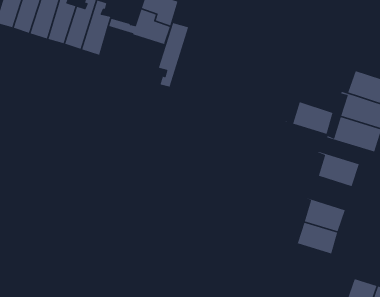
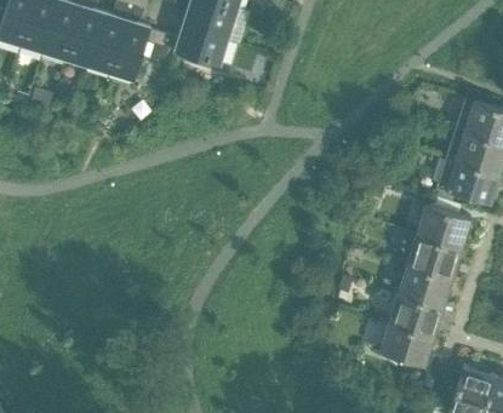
building: [158,22,189,88] -> none
building: [285,101,334,135] -> [398,236,461,280]
building: none -> [379,321,434,368]

